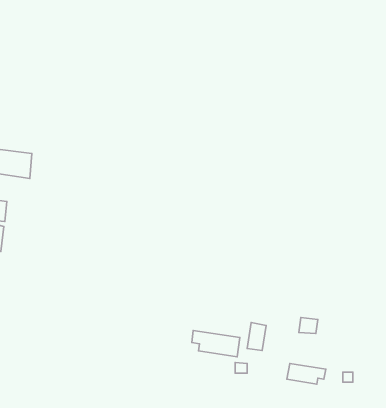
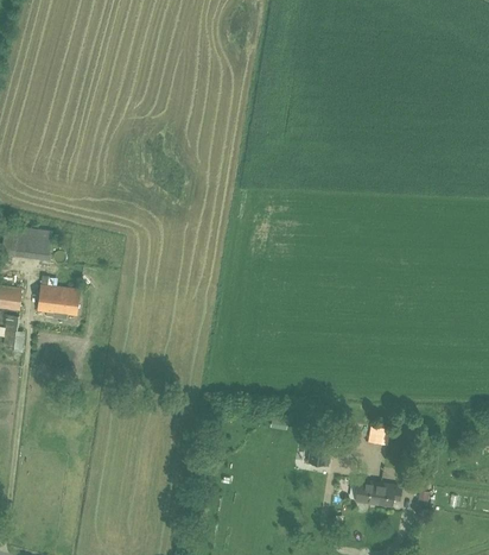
building: none -> [37,277,80,316]
building: [192,330,240,357] -> none

